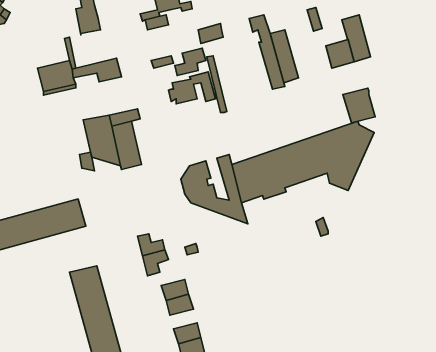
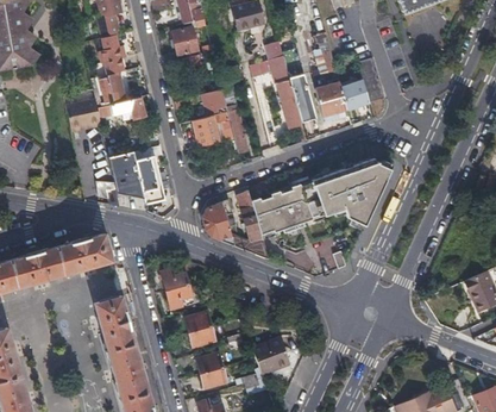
building: none -> [99,71,125,102]
building: [343,88,375,123] -> [316,80,347,113]
building: none -> [251,336,290,373]

